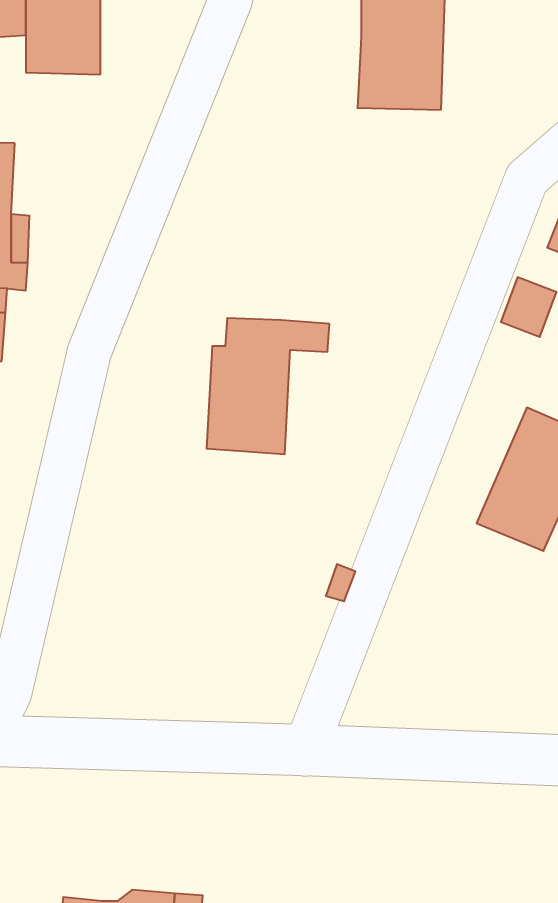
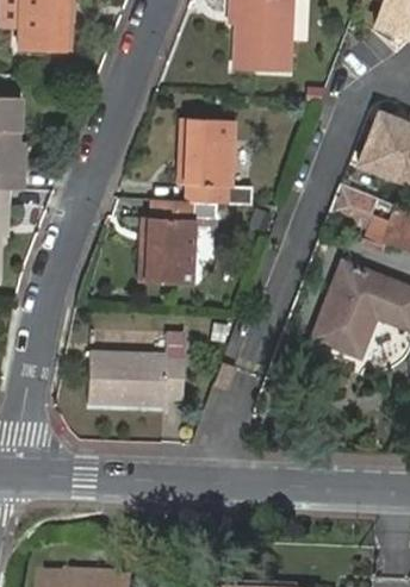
building: none -> [182,124,256,210]
building: none -> [88,336,185,410]

